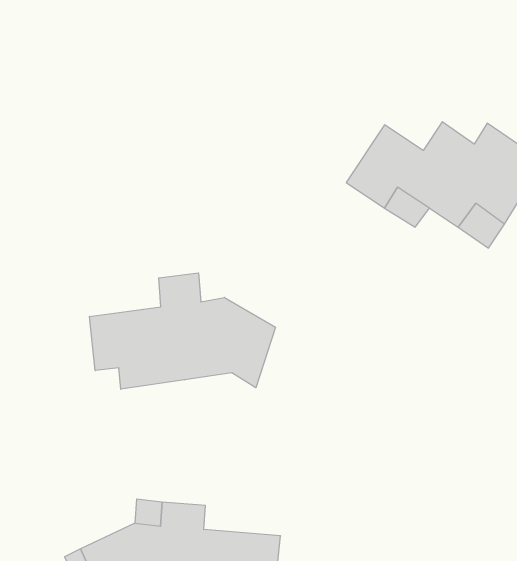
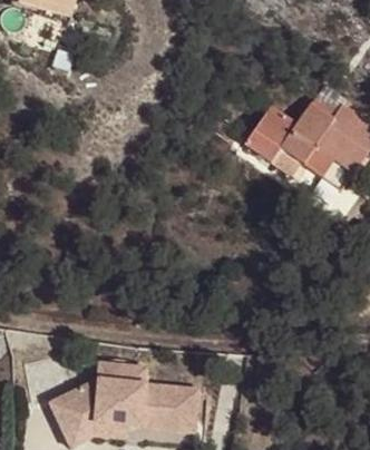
building: [90,273,275,389] -> none

